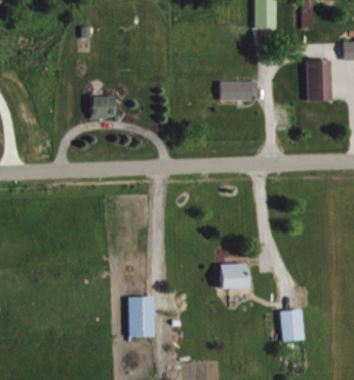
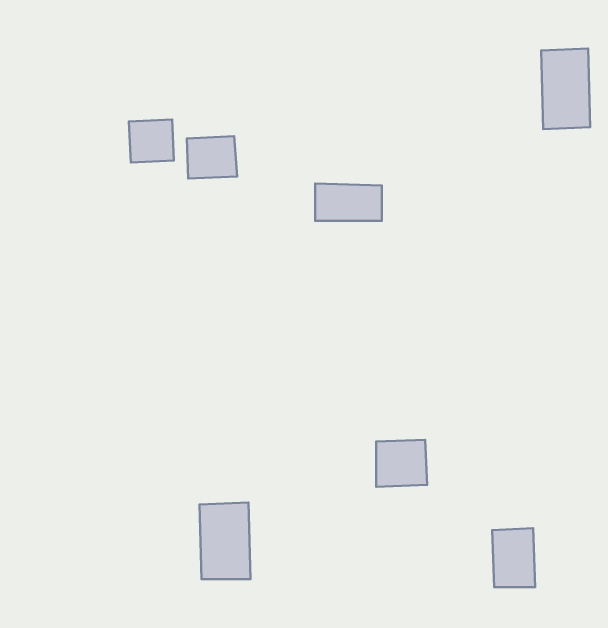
building: [221,80,255,100] -> [315,184,382,221]
building: none -> [187,136,237,179]

